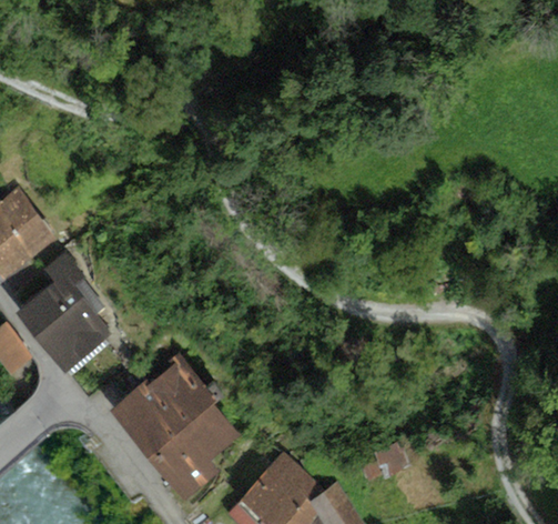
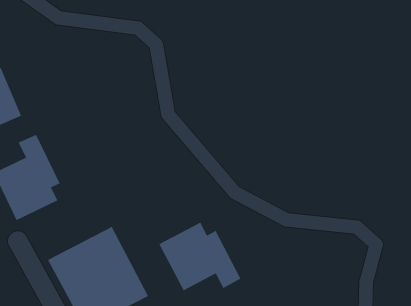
building: none -> [159,222,241,291]

